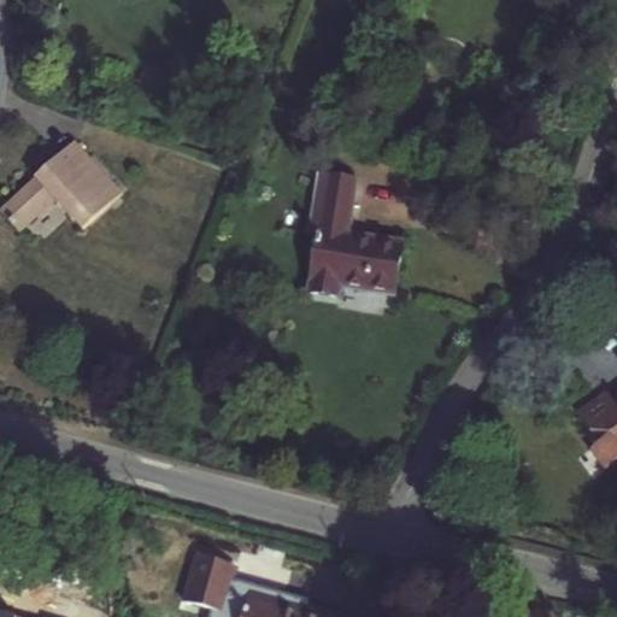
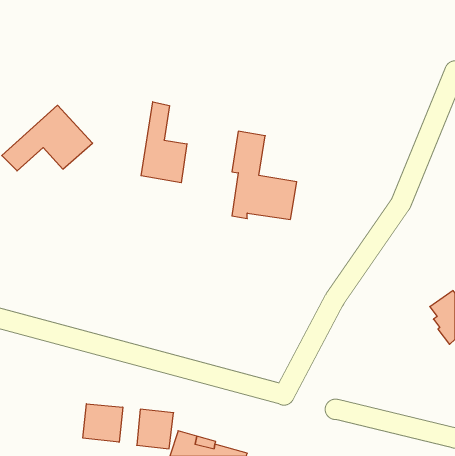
building: none -> [141,102,187,183]
building: none -> [83,404,123,442]

